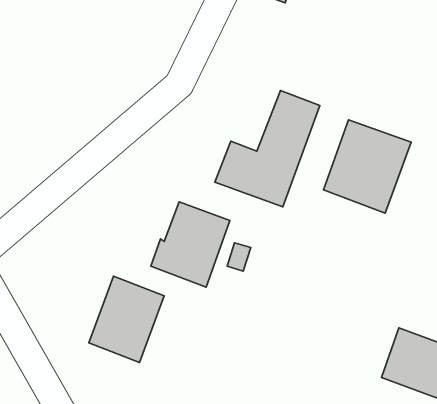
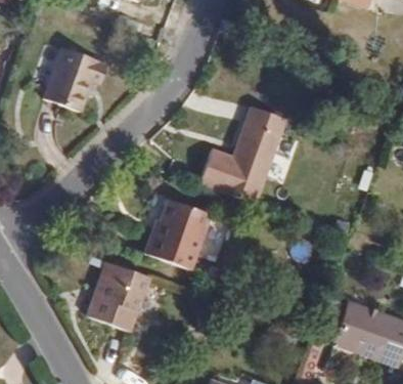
building: none -> [39,47,102,111]
building: [323,120,411,213] -> none

